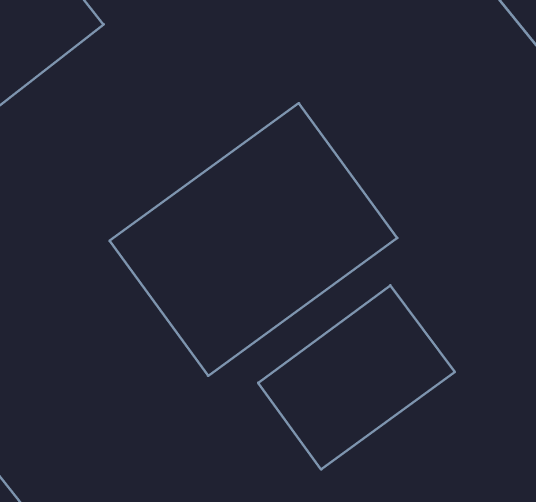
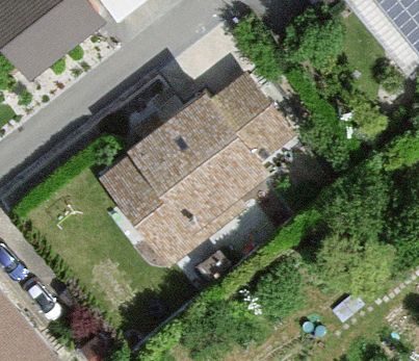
building: [258,285,455,469] -> none

